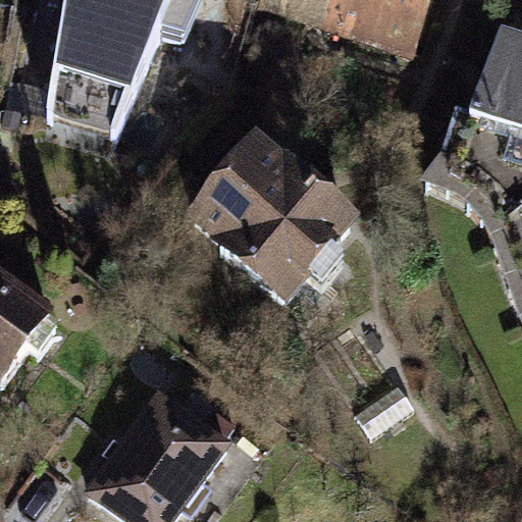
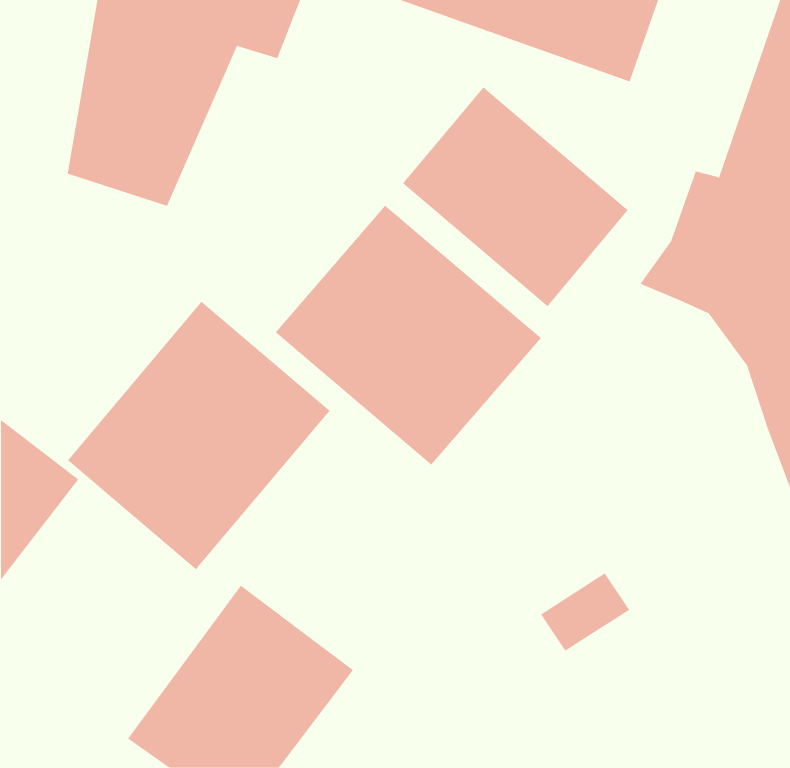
building: none -> [402,86,628,307]
building: none -> [67,301,330,570]

